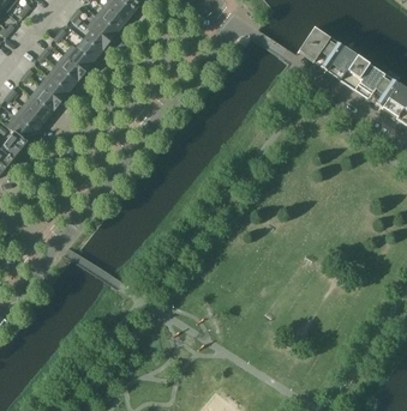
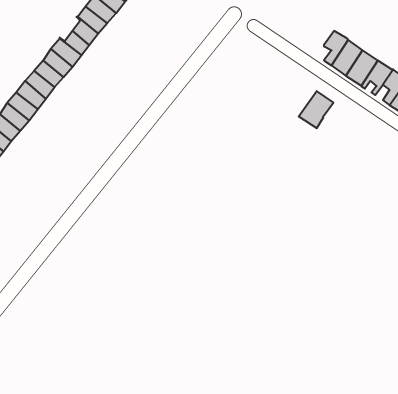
building: [297,26,329,61] -> [299,91,333,128]

